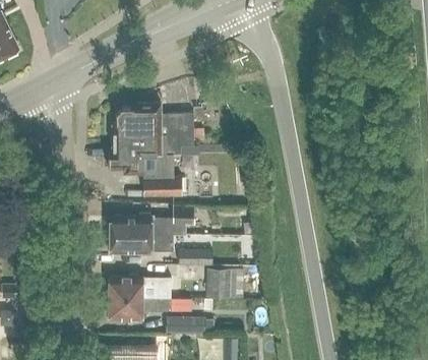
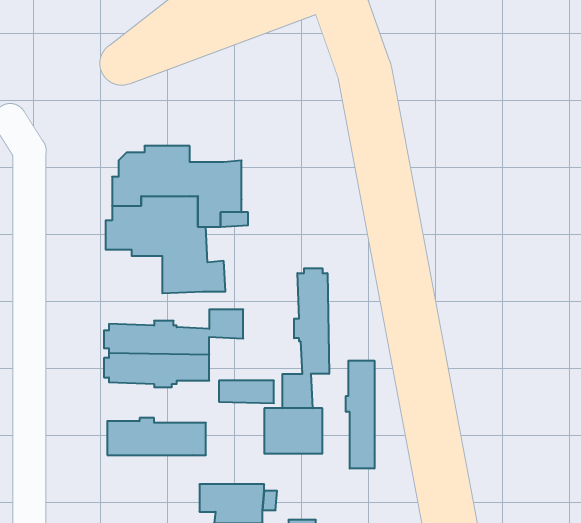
building: none -> [282,268,329,408]
building: none -> [346,361,374,469]
building: [109,298,171,321] -> none

